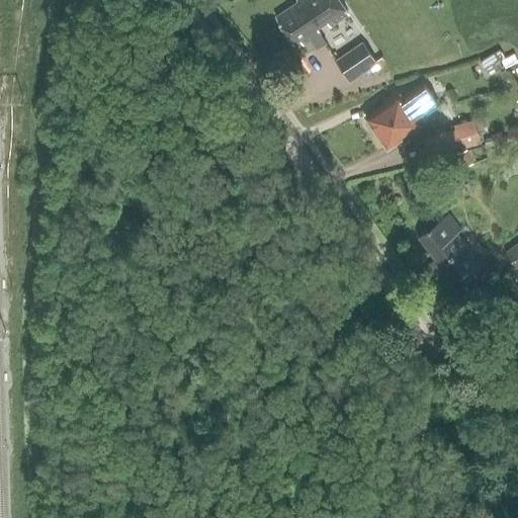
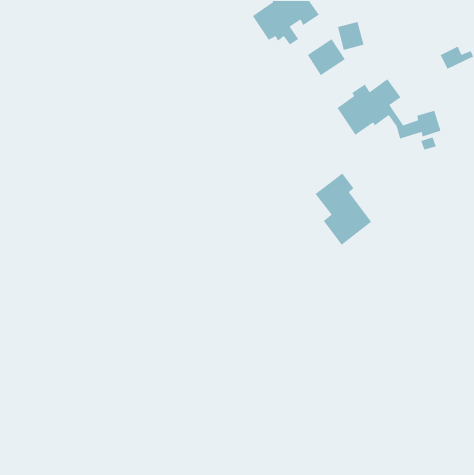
building: none -> [337,21,364,51]
building: [418,213,481,293] -> [315,173,372,246]

